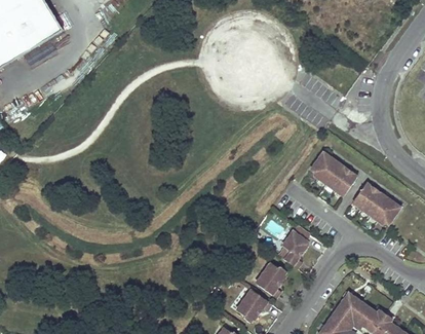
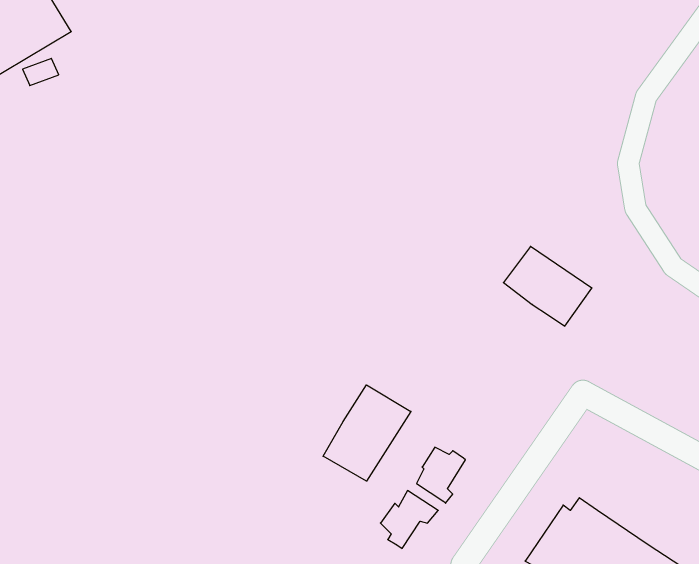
building: [352,181,402,227] -> none
building: none -> [323,385,411,481]
building: [280,232,308,265] -> none

